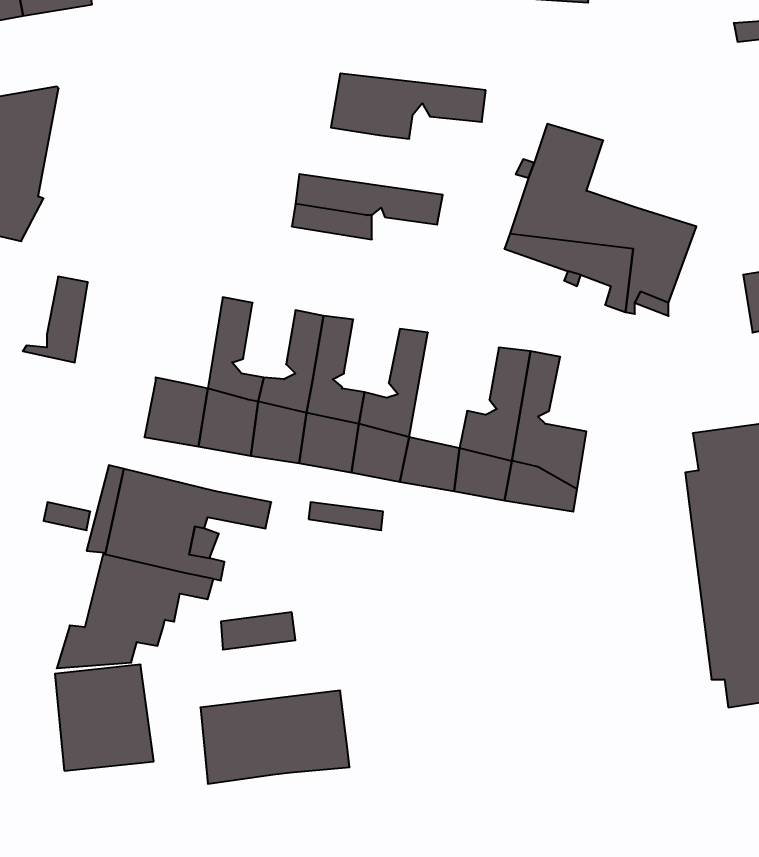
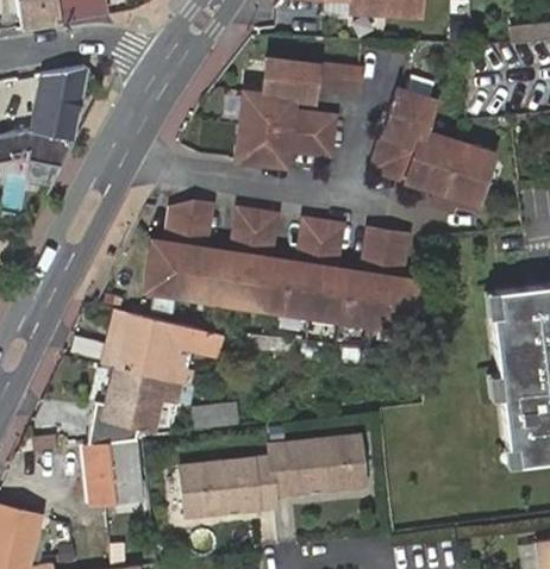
building: none -> [240,92,335,137]
building: [23,277,88,362] -> [149,206,190,261]
building: none -> [311,225,348,299]
building: none -> [265,434,362,493]

